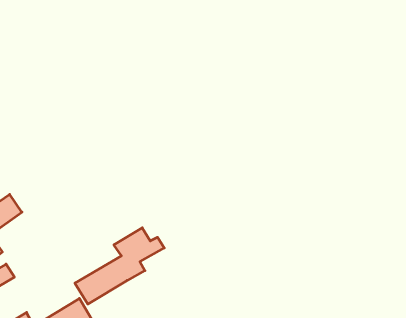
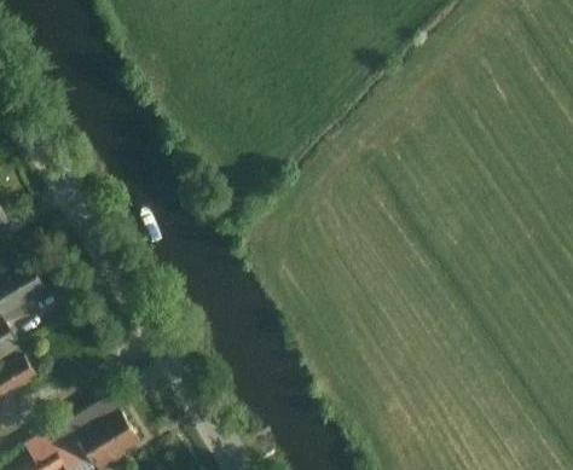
building: [75,228,164,304] -> none

